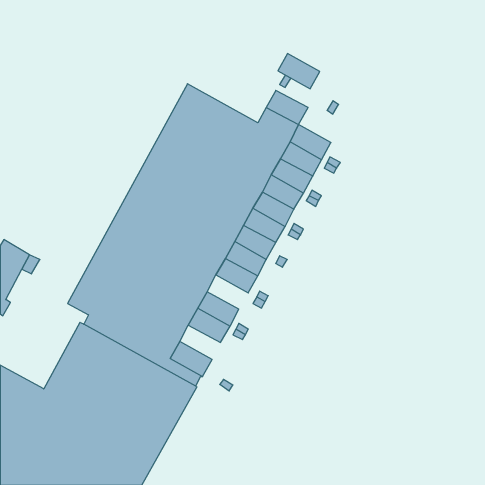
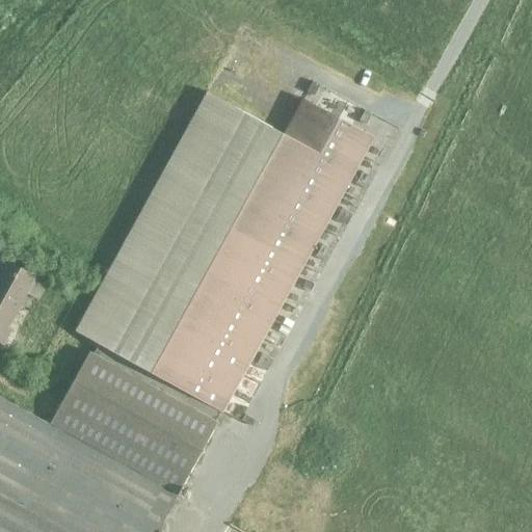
building: [278,54,320,89] -> [327,117,373,156]
building: none -> [228,300,272,338]
building: none -> [197,355,242,393]

